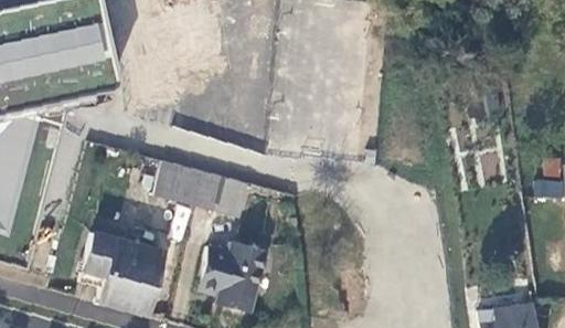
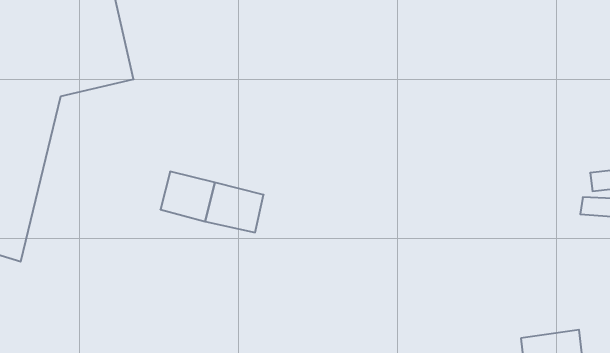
building: [78,233,161,317] -> none
building: [195,241,263,311] -> none

